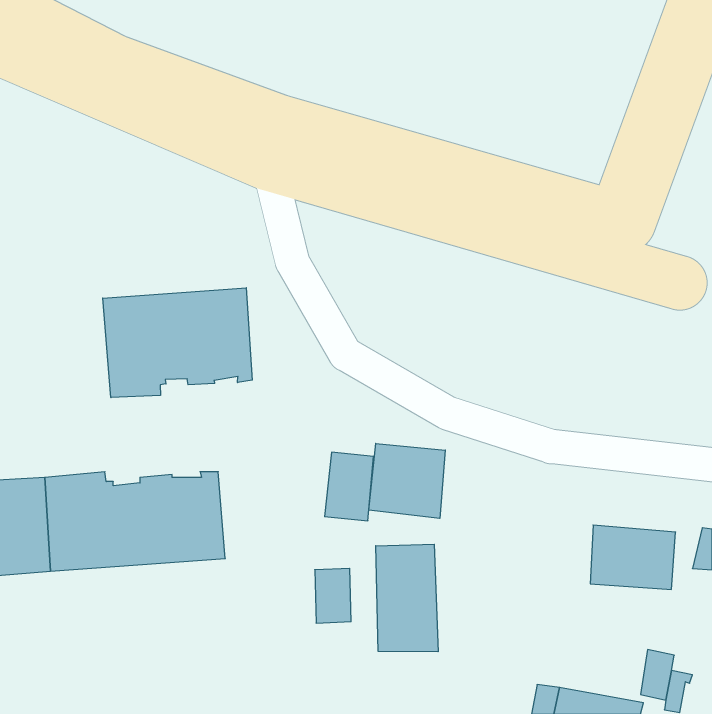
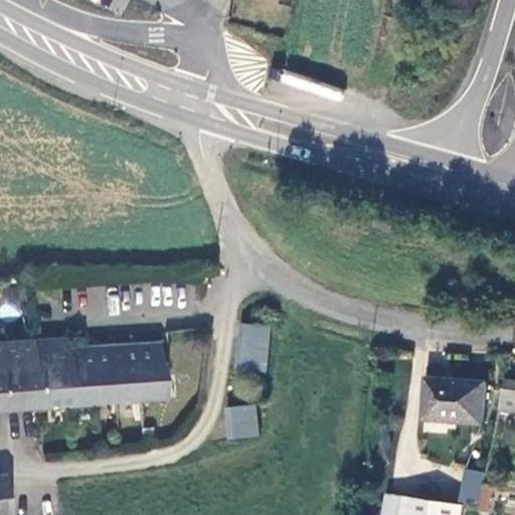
building: [103,288,252,398] -> none
building: [369,443,445,518] -> none
building: [376,544,438,652] -> none

